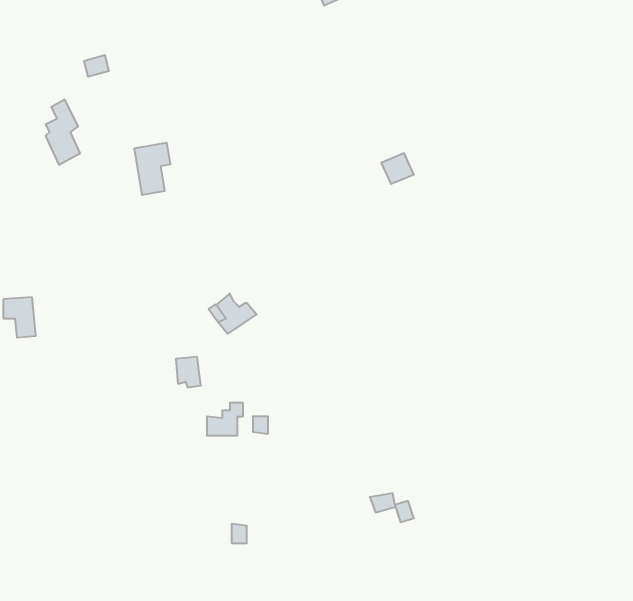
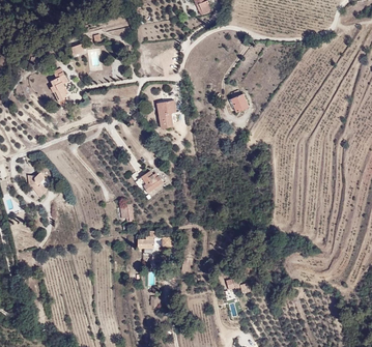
building: [134,143,171,195] -> [156,100,176,128]

